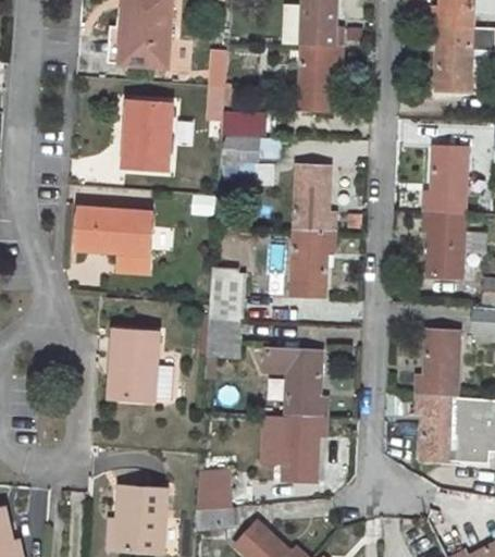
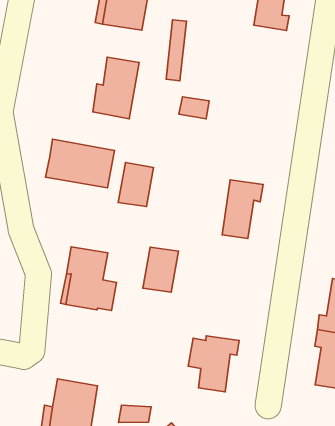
building: [299,45,341,111] -> none
building: [221,112,267,135] -> none
building: [294,165,334,231] -> none
building: [209,271,246,320] -> [118,163,154,207]
building: [265,335,325,417] -> none
building: [196,470,231,508] -> none

